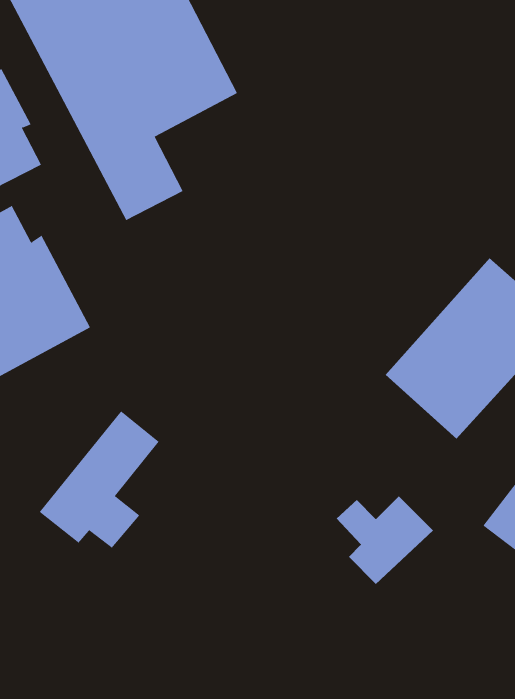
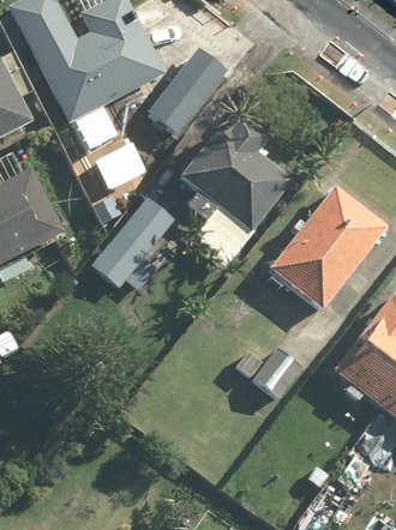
building: none -> [146,48,228,138]
building: none -> [179,104,292,271]
building: [39,410,159,549] -> [89,198,172,293]

